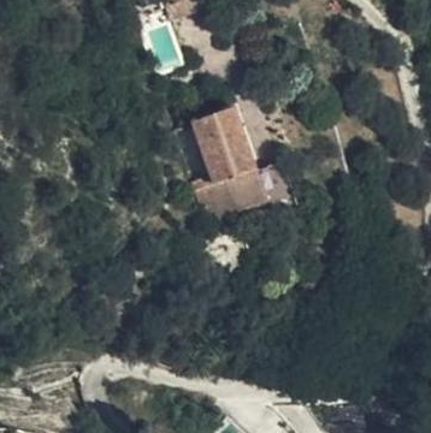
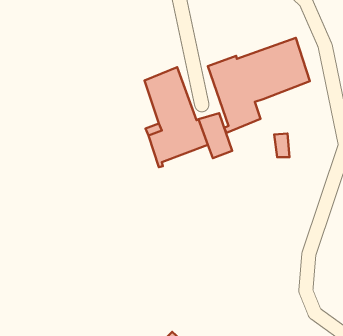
building: none -> [208,38,310,133]

